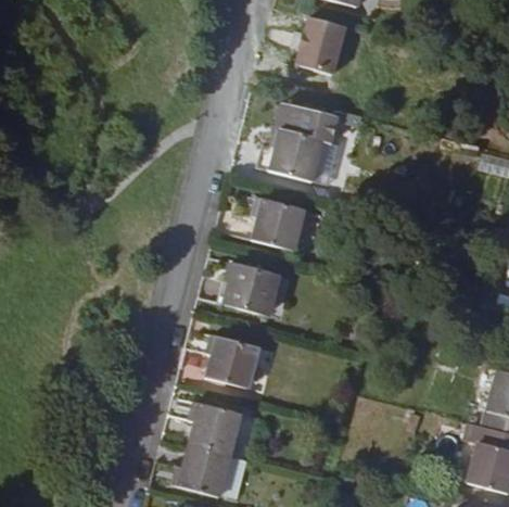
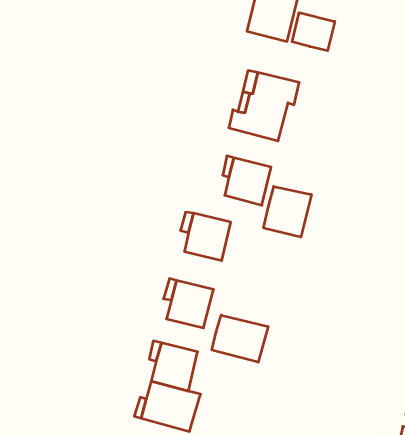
building: none -> [292,13,335,51]
building: none -> [264,186,311,237]
building: none -> [212,315,268,362]

